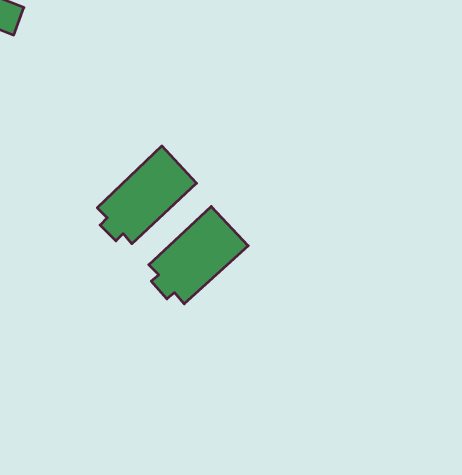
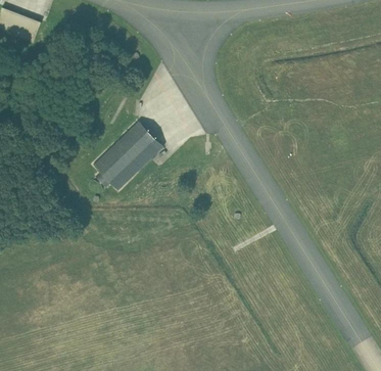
building: [149,206,248,304] -> none

